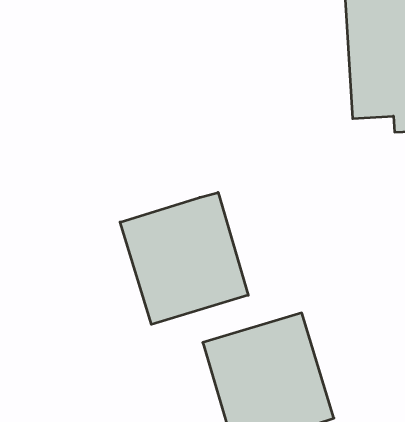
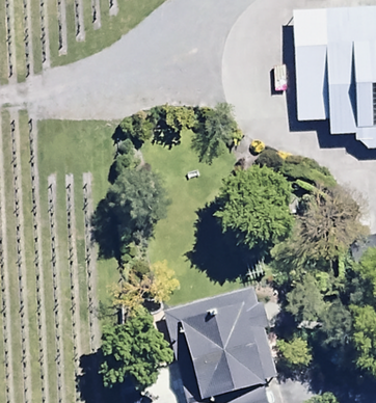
building: [120,192,248,324] -> none

